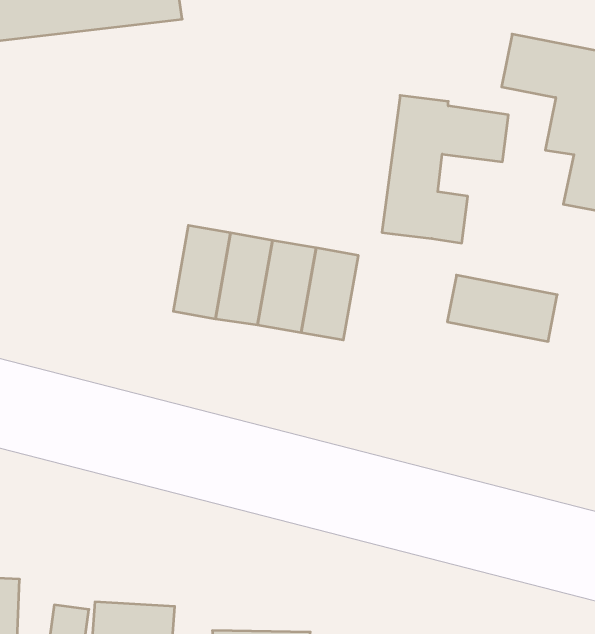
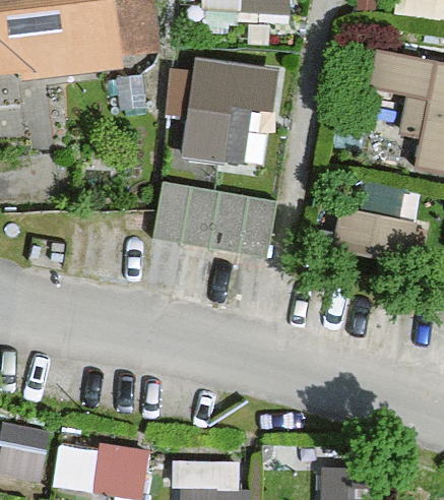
building: [382,95,508,243] -> [185,65,270,165]

